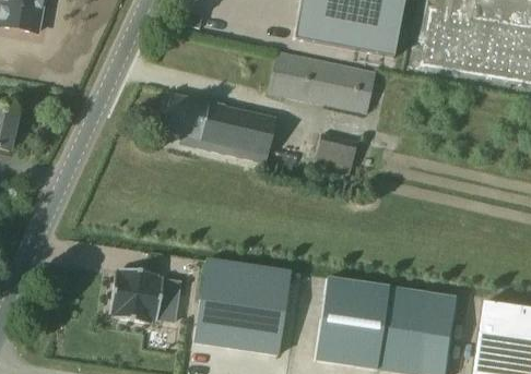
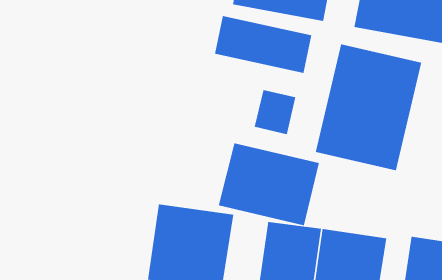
building: none -> [315,44,422,171]
building: [163,92,276,162] -> none
building: none -> [218,142,319,226]
building: [109,267,178,322] -> none

